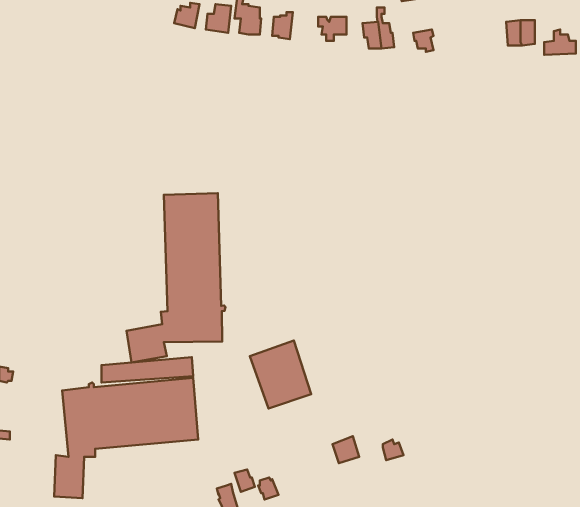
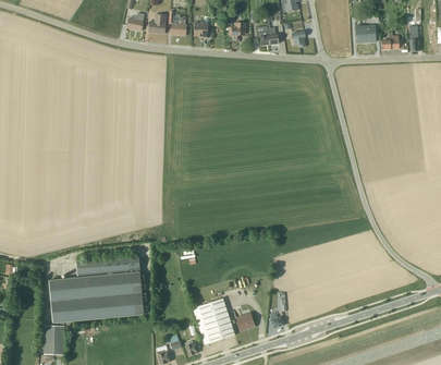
building: [127,193,226,362] -> none
building: [250,340,311,409] -> [192,297,234,344]

